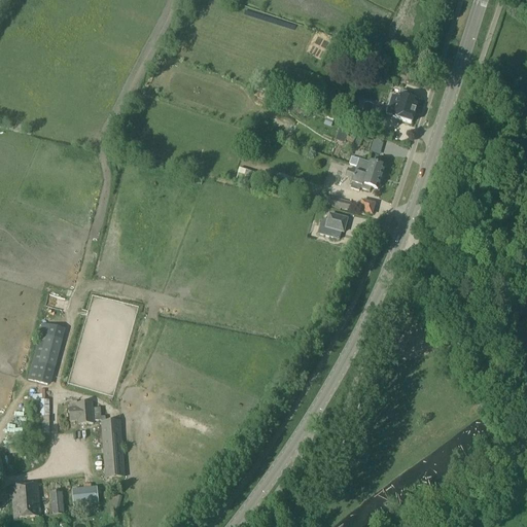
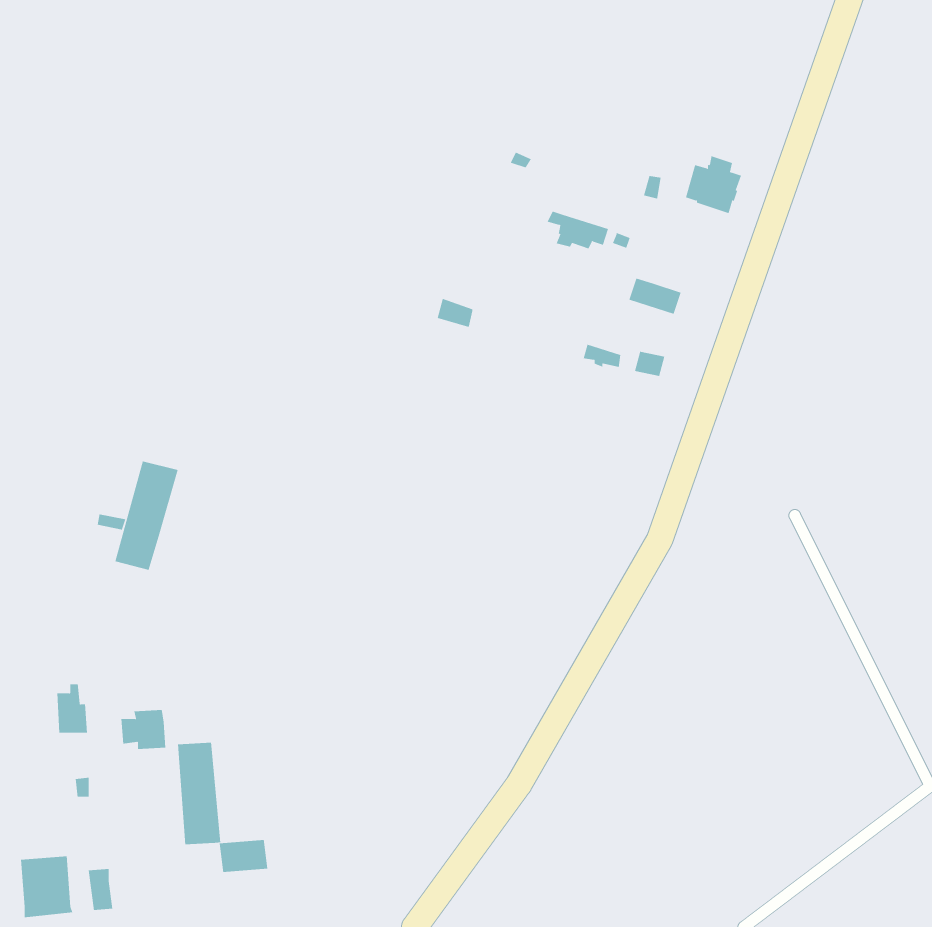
building: [346,167,381,188] -> [547,211,609,249]
building: [319,211,347,237] -> none
building: [28,319,64,381] -> [115,461,179,571]
building: [72,485,100,503] -> [219,839,268,872]

